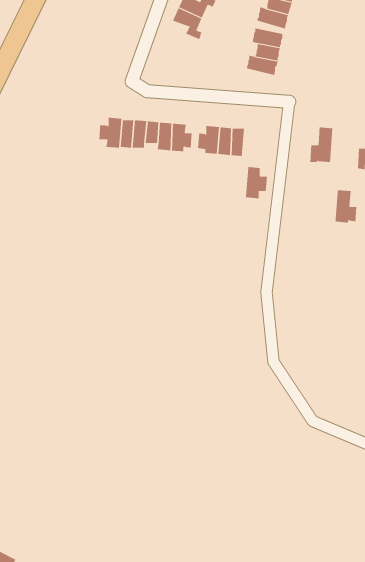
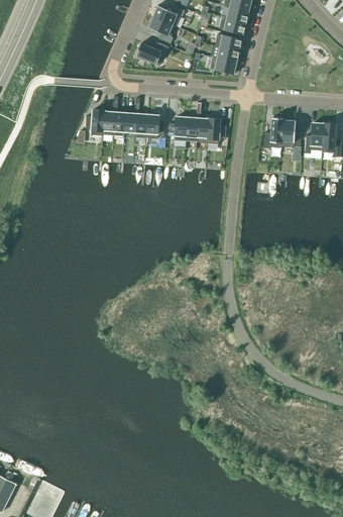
building: none -> [135,42,168,66]
building: [245,167,268,199] -> [207,117,226,144]
building: [335,189,357,223] -> [281,118,301,147]

